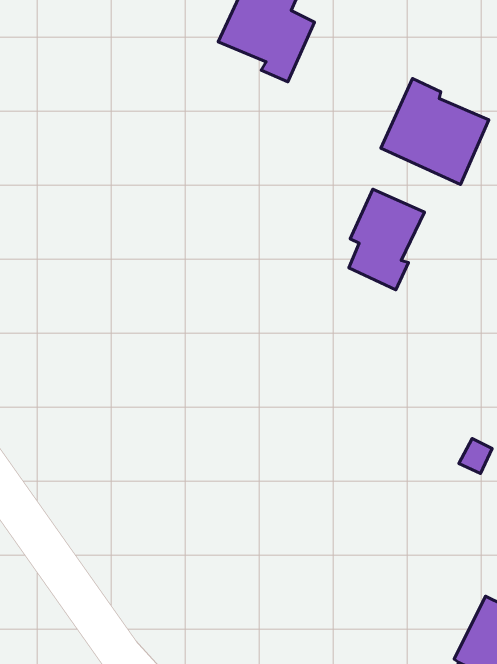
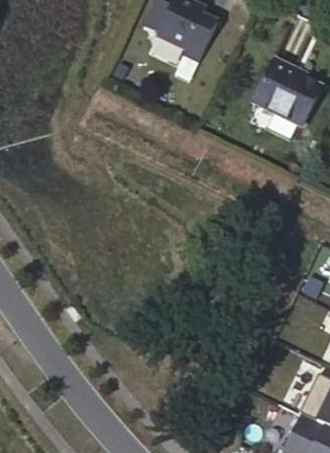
building: [349,189,425,290] -> none

